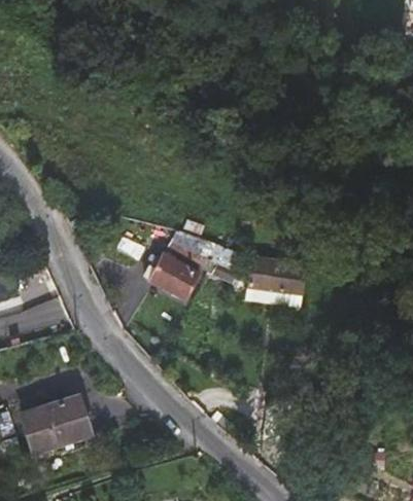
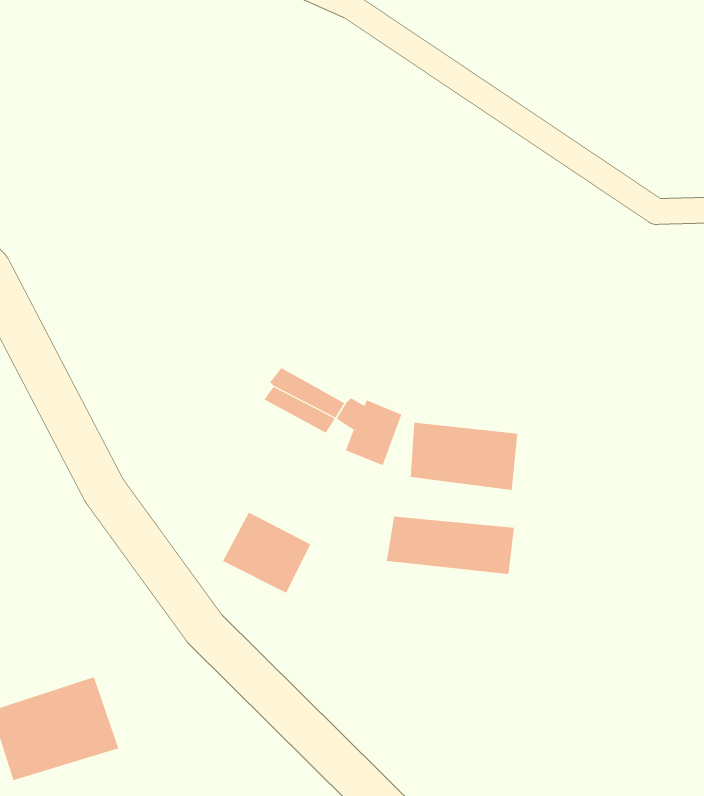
building: [151,255,200,299] -> [222,512,311,594]
building: none -> [386,516,514,575]

